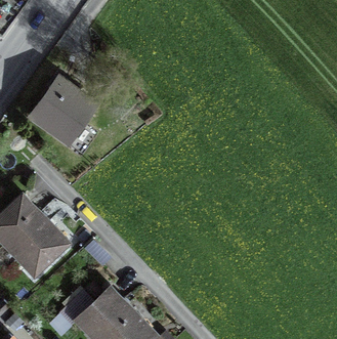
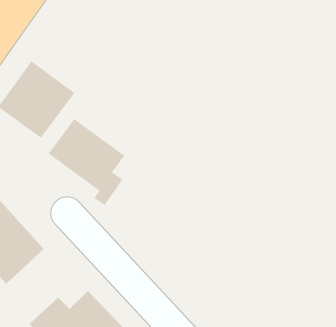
building: none -> [48,118,125,206]

